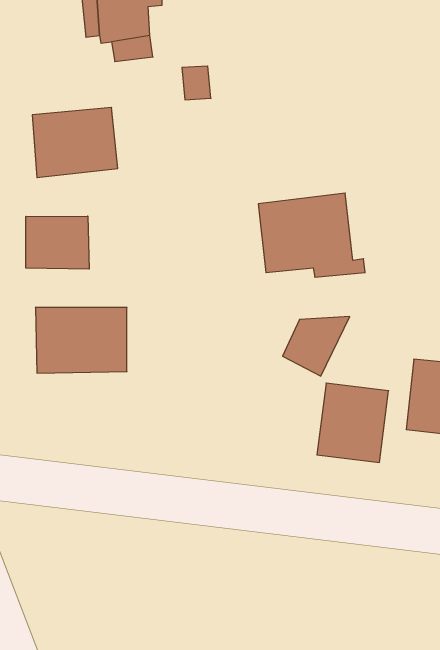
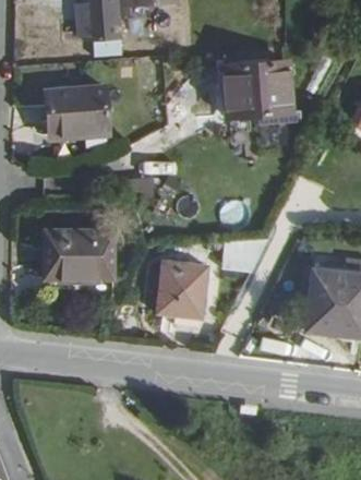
building: [258,193,365,277] -> [216,62,292,122]
building: [26,216,89,269] -> none
building: [317,383,389,462] -> [158,259,209,315]

